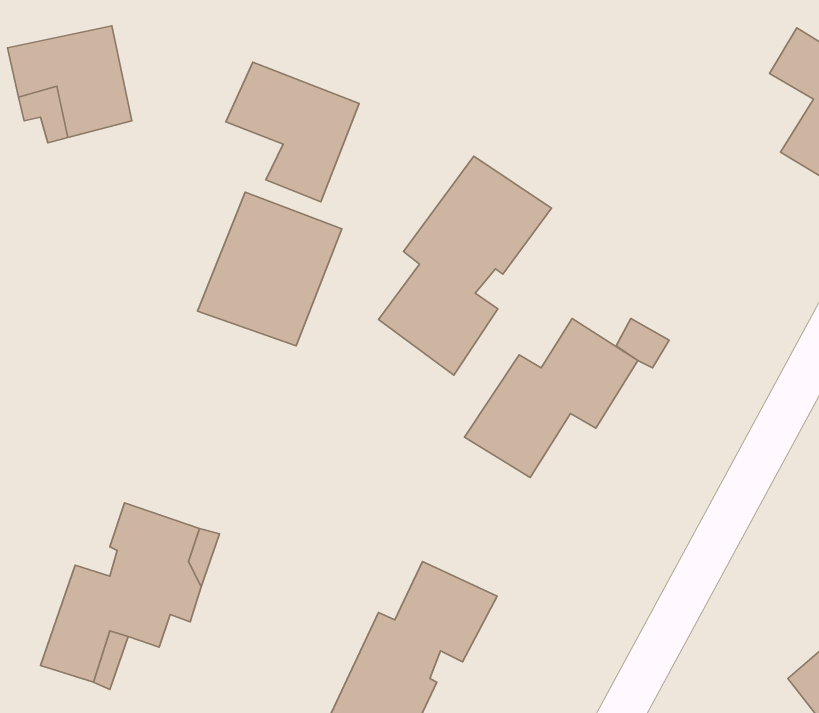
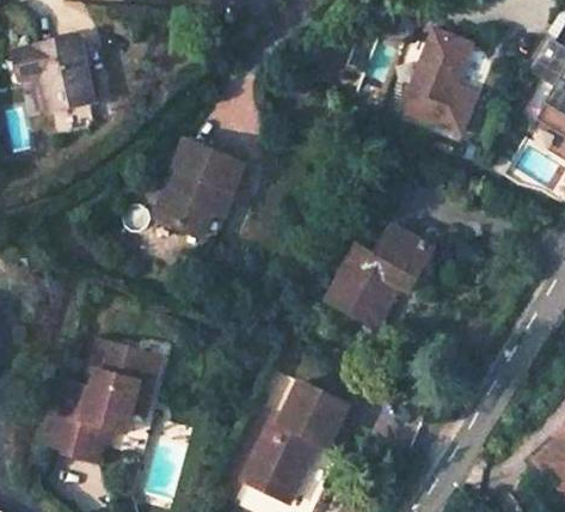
building: none -> [392,24,474,129]
building: [226,62,359,202] -> none
building: [379,156,552,375] -> none

